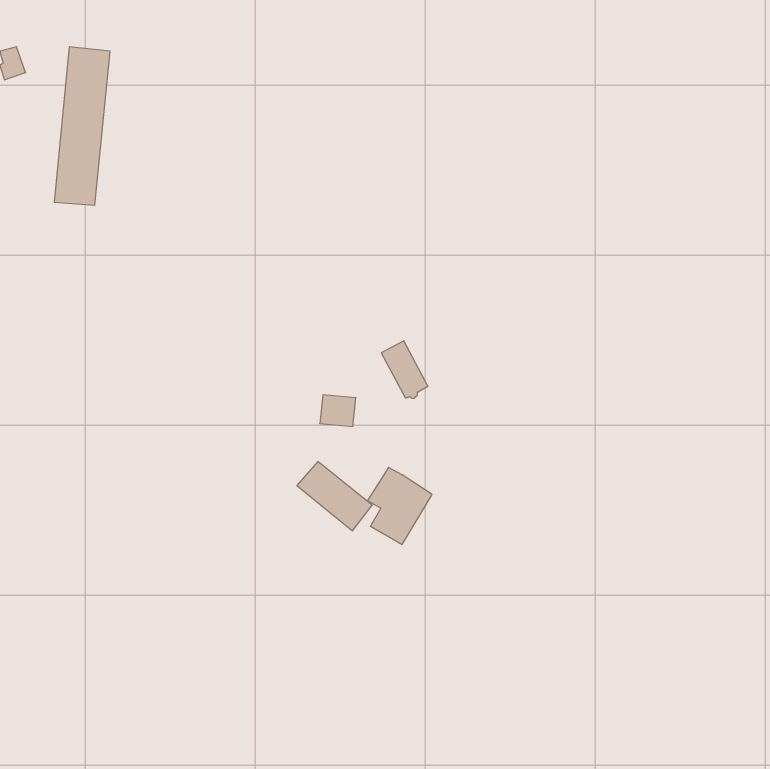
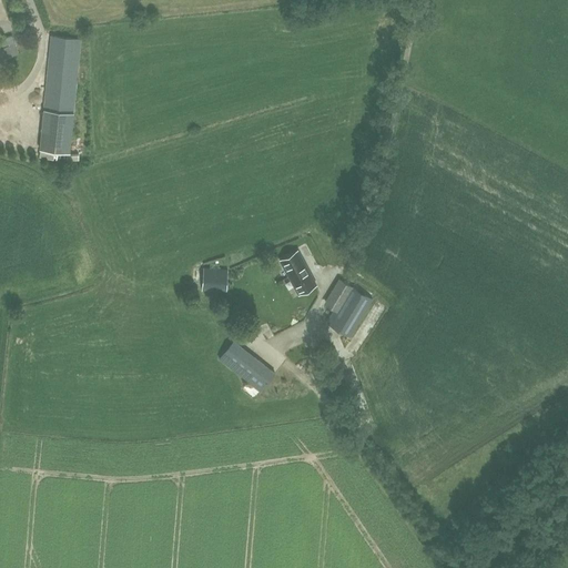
building: [320,395,356,426] -> [202,268,229,292]
building: [367,467,432,544] -> [324,280,372,336]

